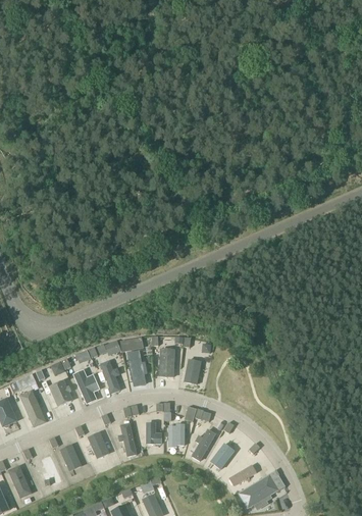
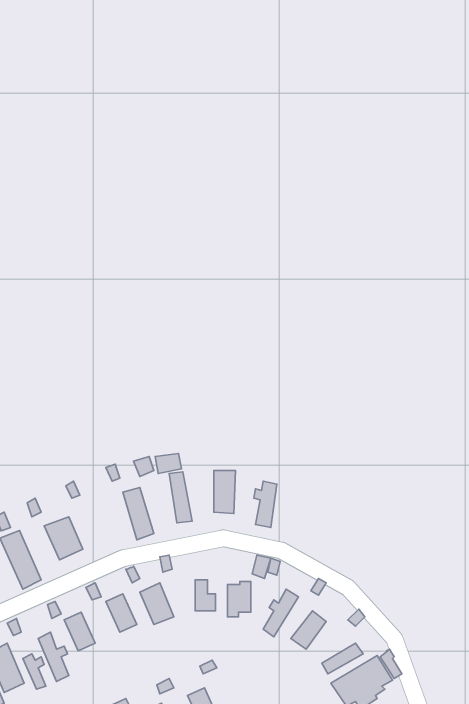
building: [74,370,98,403] -> none

